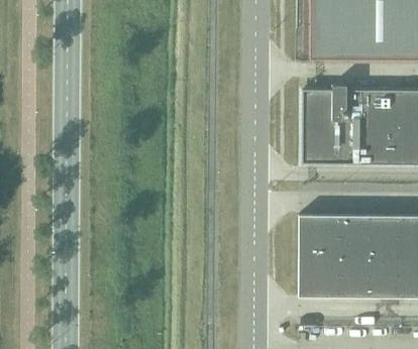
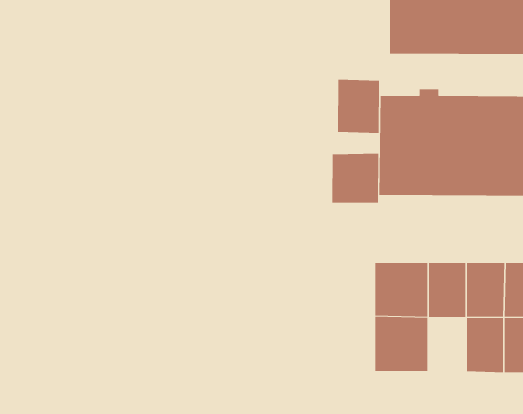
building: none -> [338,79,380,134]
building: none -> [332,153,379,204]
building: [340,256,369,297] -> none

